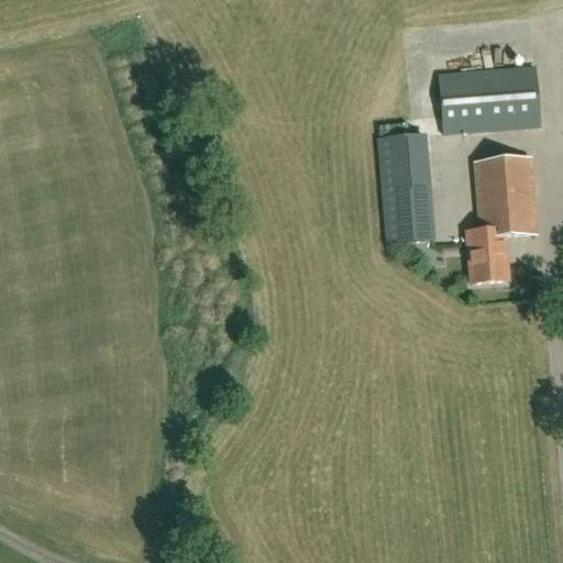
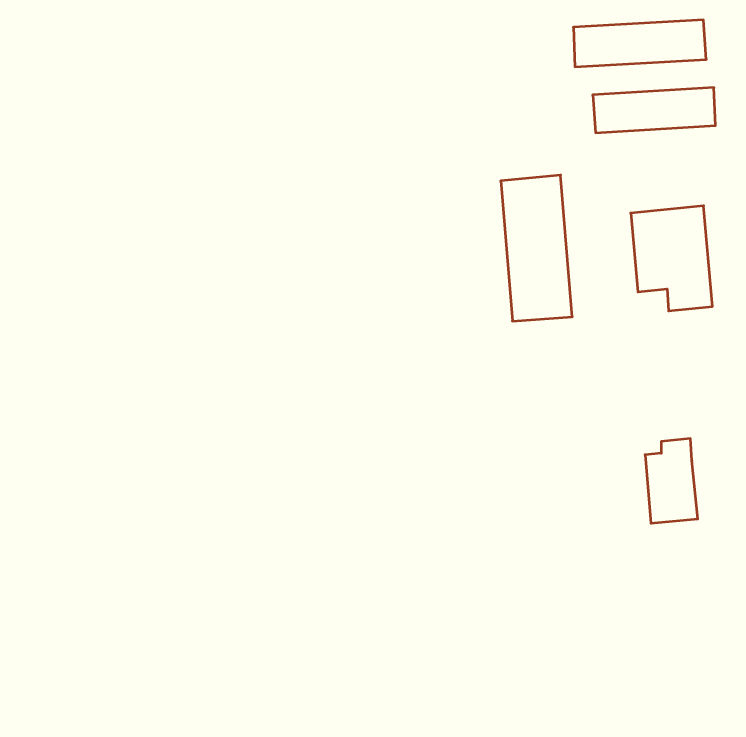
building: [445,97,545,132] -> [573,20,706,67]
building: [468,218,508,282] -> [645,439,698,523]

